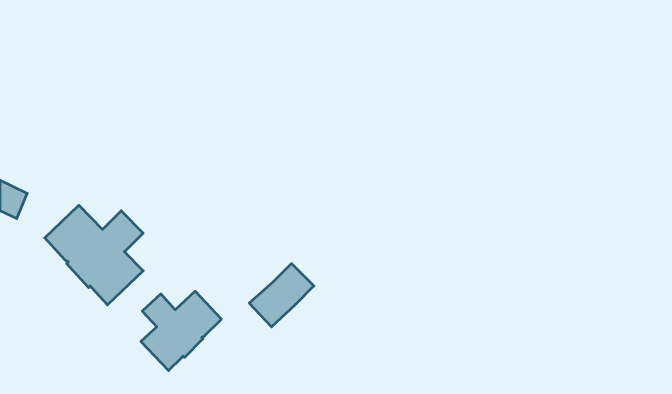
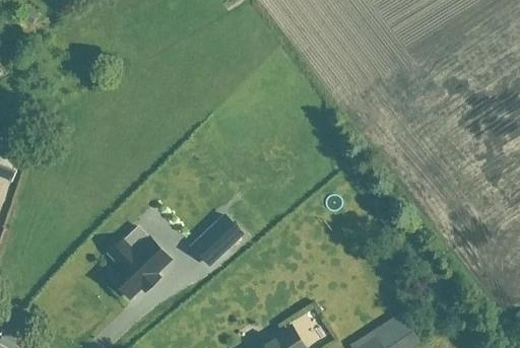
building: [45,205,143,305] -> none

